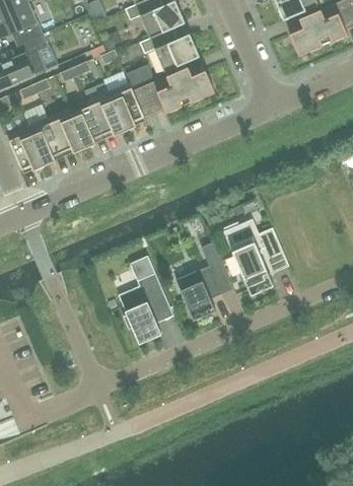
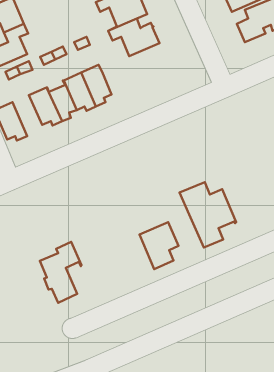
building: [132,66,214,116] -> none
building: [27,117,62,164] -> none
building: [118,272,166,343] -> [40,242,82,303]

